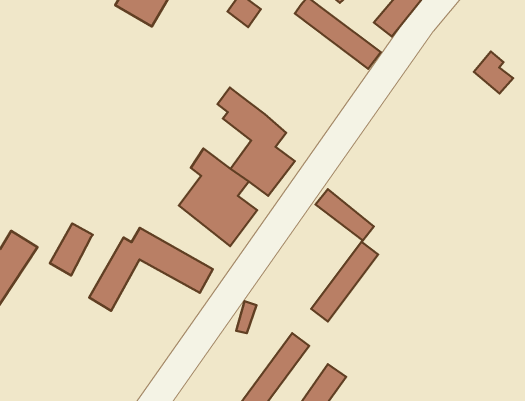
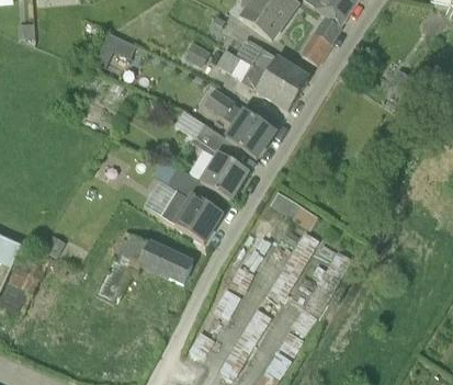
building: none -> [217,47,301,109]
building: none -> [204,89,275,157]
building: [50,224,93,276] -> none

